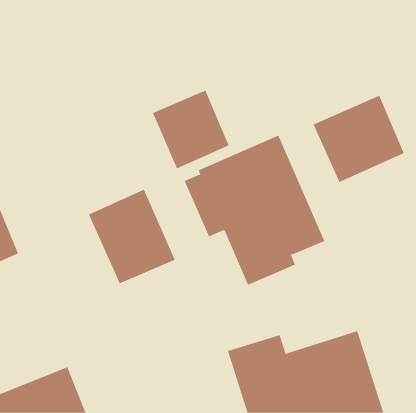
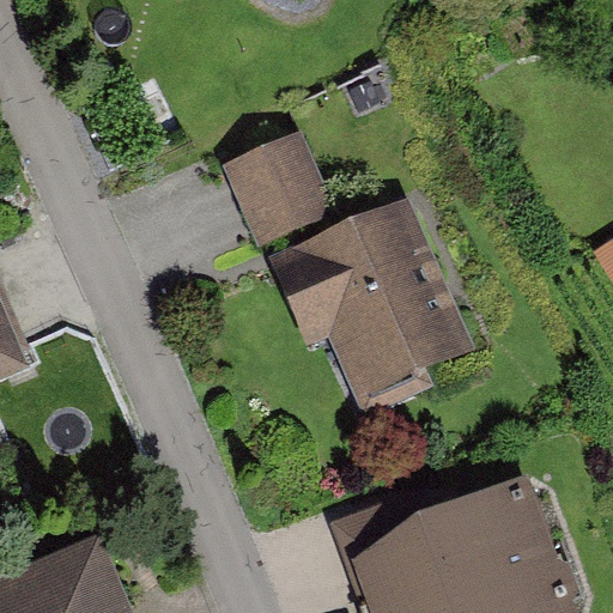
building: [313,95,404,183] -> none
building: [88,189,176,284] -> none

